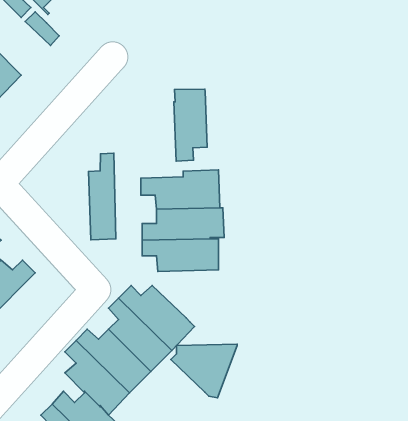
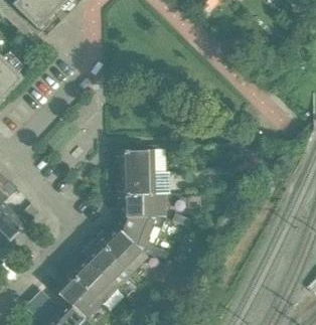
building: [174,89,207,161] -> none
building: [89,153,116,240] -> none
building: [171,344,237,398] -> [118,215,165,254]

